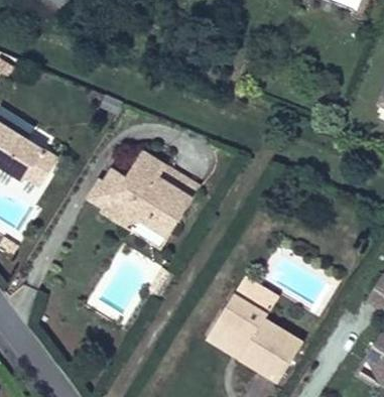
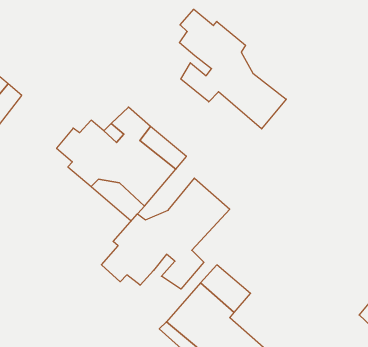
building: none -> [179,9,286,129]
building: none -> [101,178,230,289]

